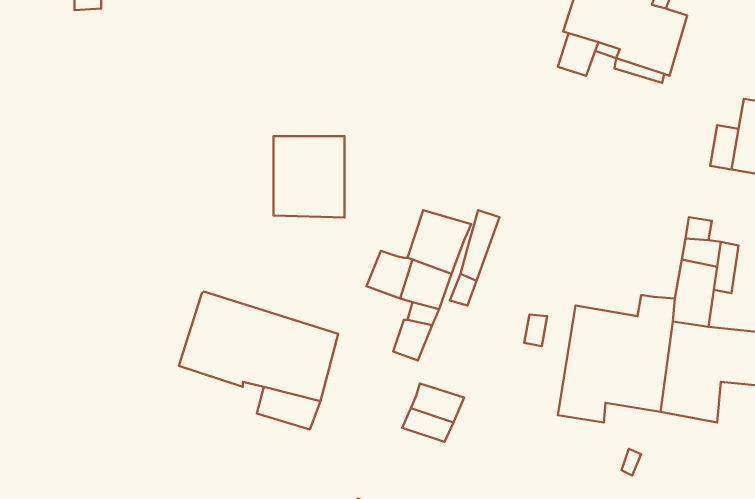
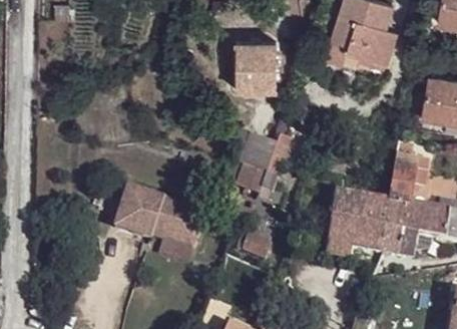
building: [274,136,344,217] -> [235,43,275,89]

